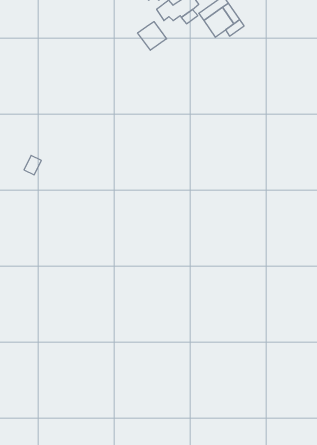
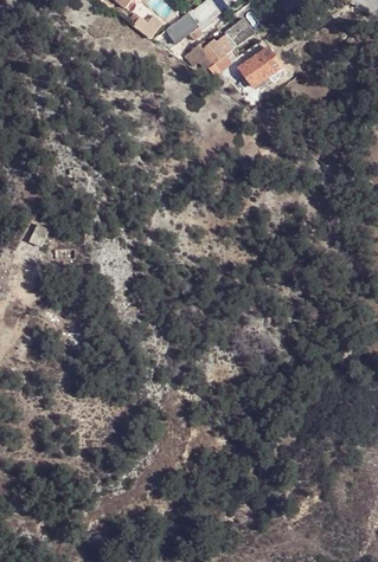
building: [138,22,167,50] -> none

